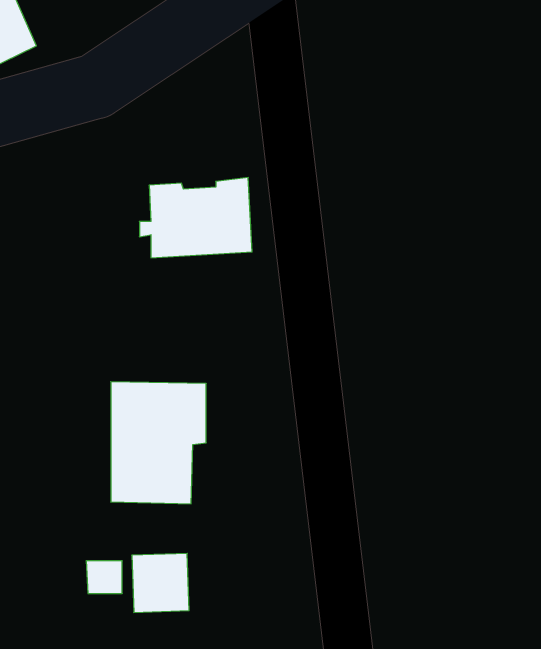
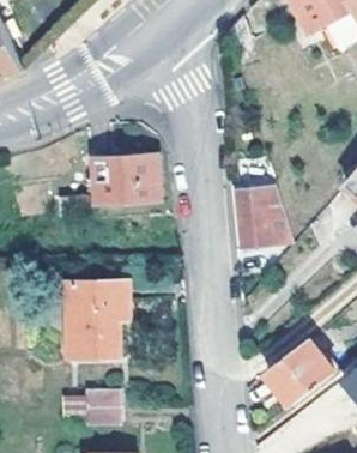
building: none -> [236,186,279,249]
building: none -> [264,336,333,404]

